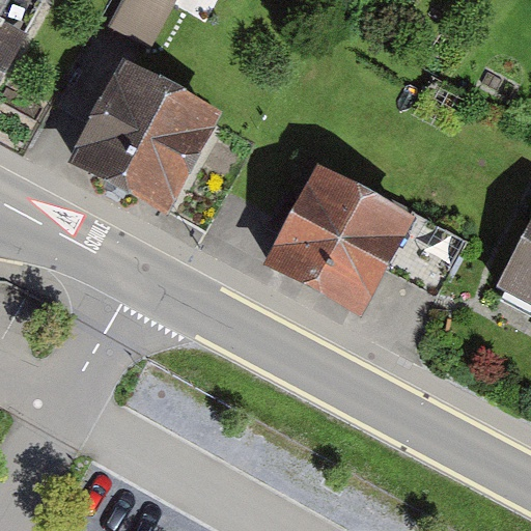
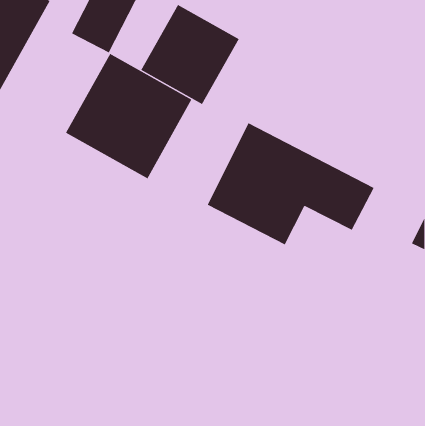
building: none -> [141,4,239,105]

